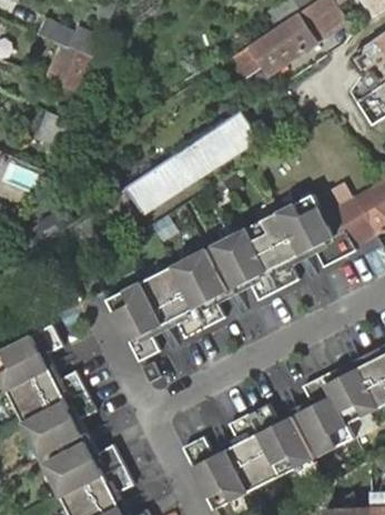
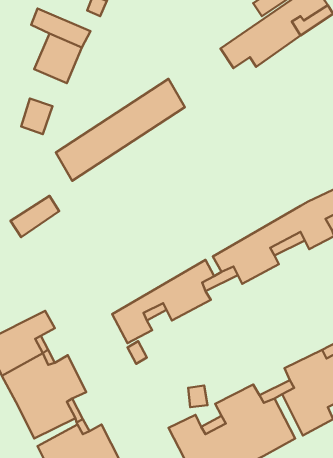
building: [126,111,259,215] -> [56,79,185,181]
building: [212,195,323,271] -> none
building: [105,246,217,330] -> none

